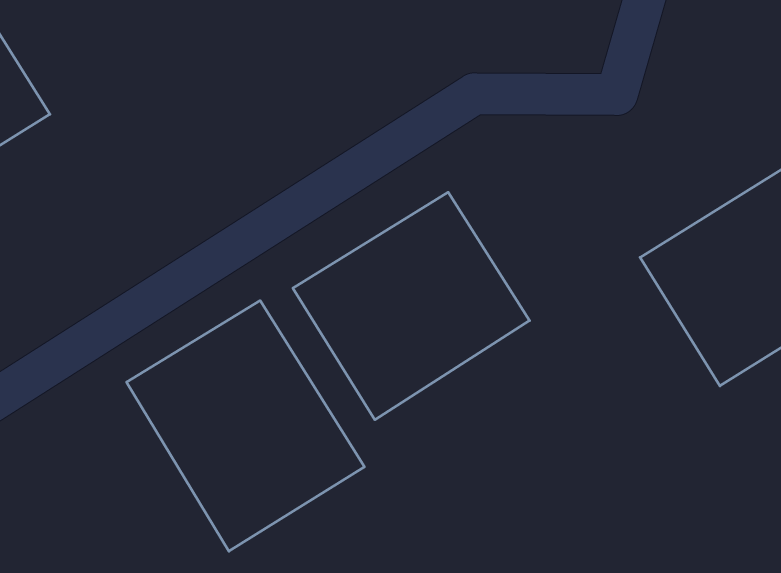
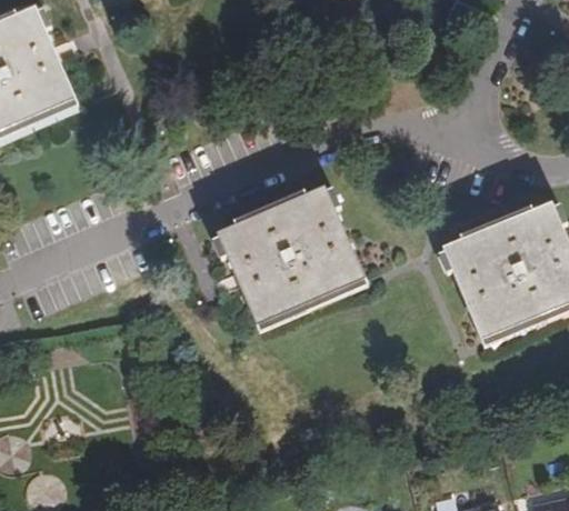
building: [127,301,364,551] -> none

